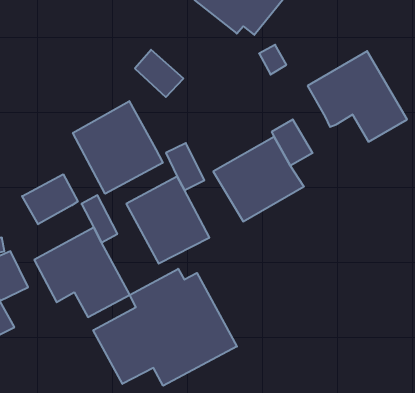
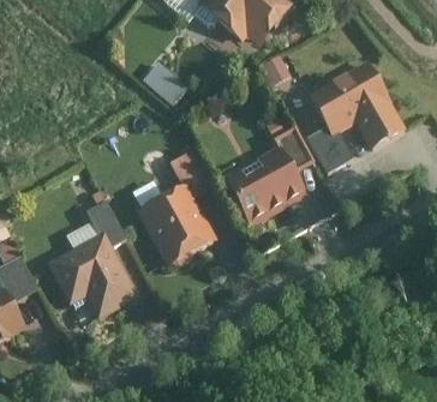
building: [73,101,163,194] -> none
building: none -> [304,125,352,174]
building: [22,174,78,224] -> none
building: [93,269,237,386] -> none

